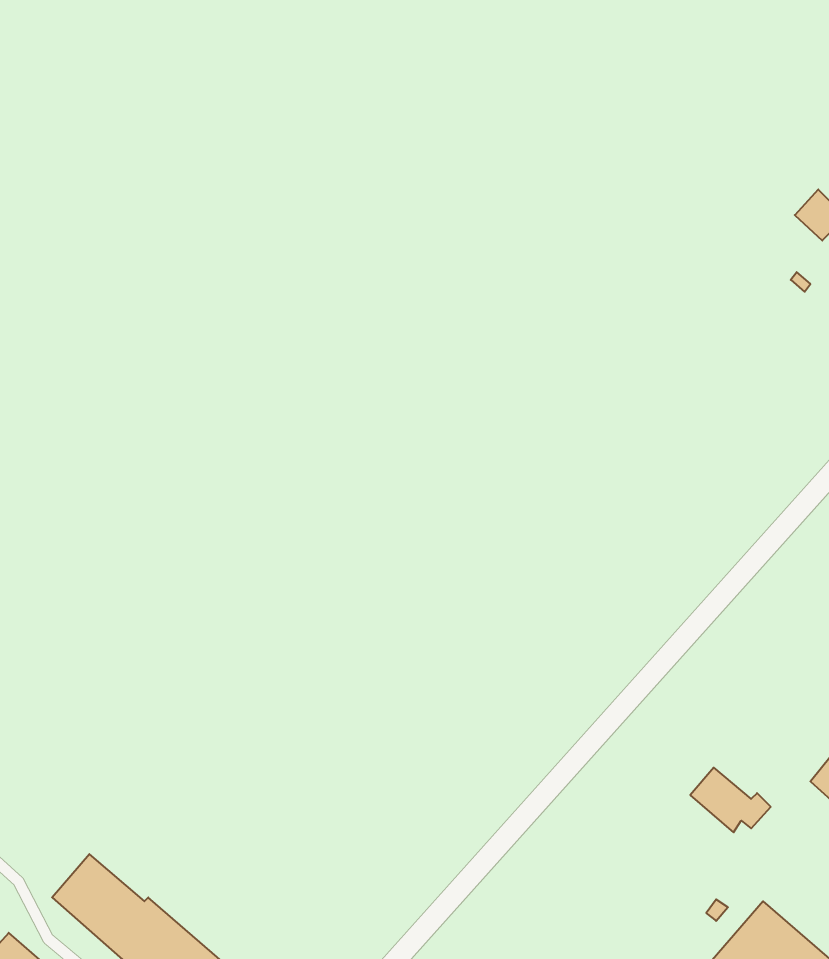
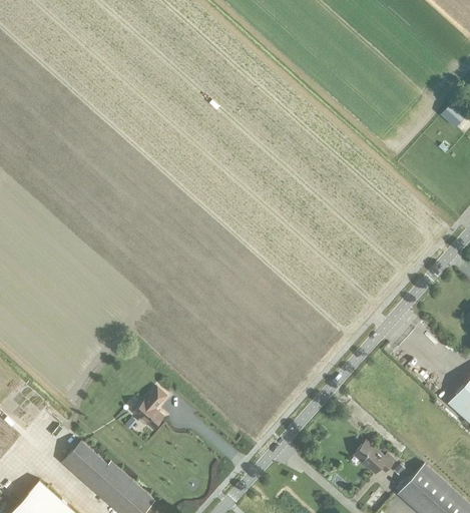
building: none -> [133,388,166,429]
building: [690,768,771,832] -> [354,443,395,476]

